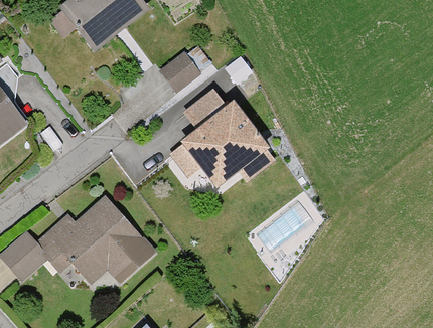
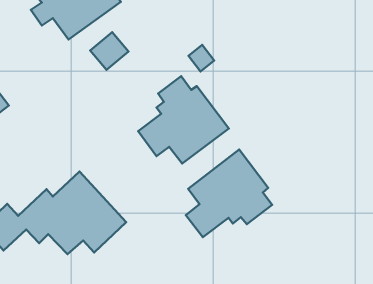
building: [159,52,201,94] -> [90,32,129,70]
building: none -> [186,149,272,237]

